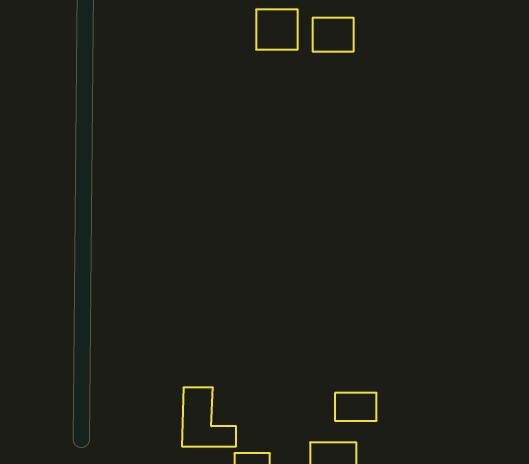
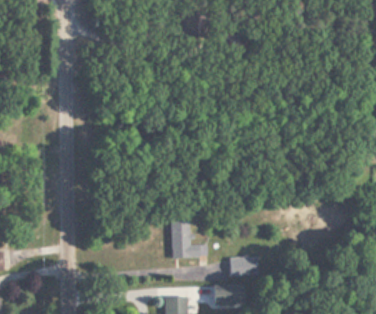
building: [313,18,353,52] -> none
building: [182,388,236,446] -> [171,220,206,258]

